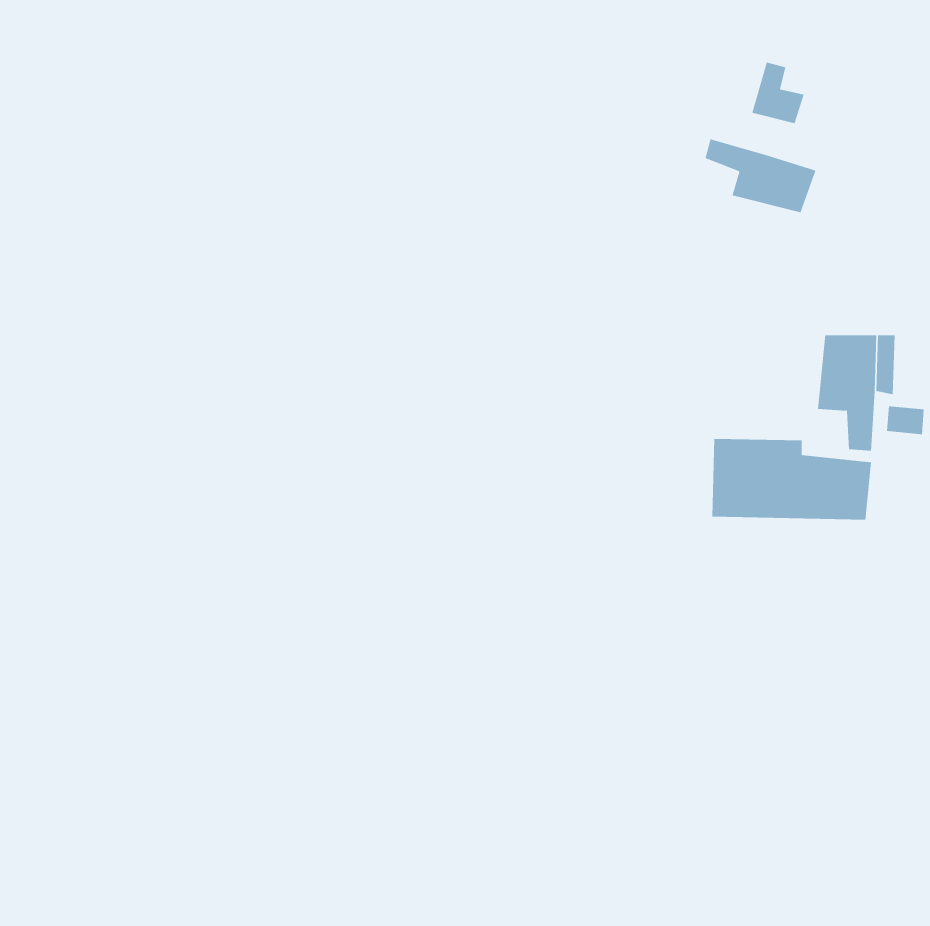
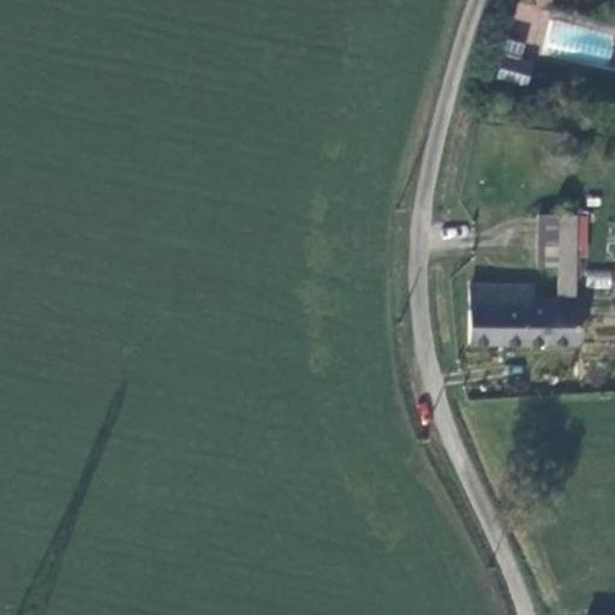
building: [705,139,816,213] -> none

